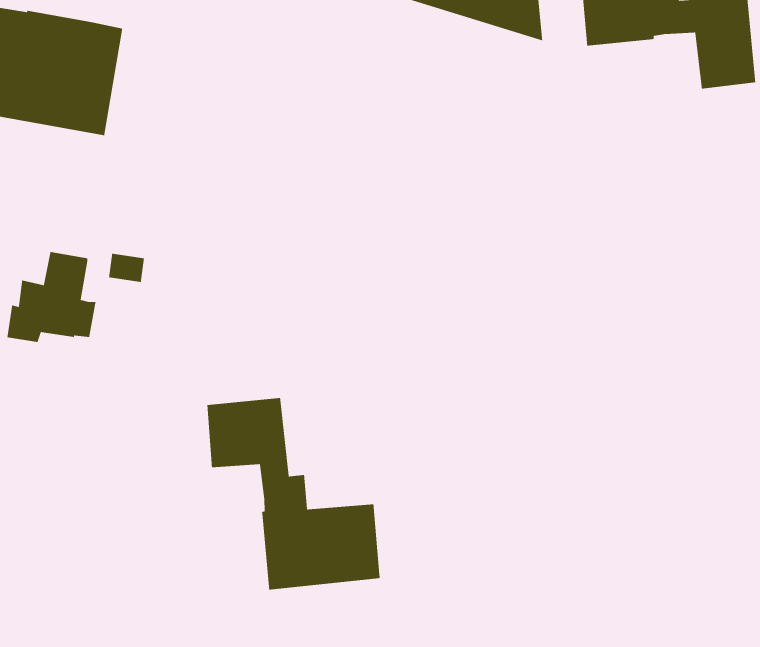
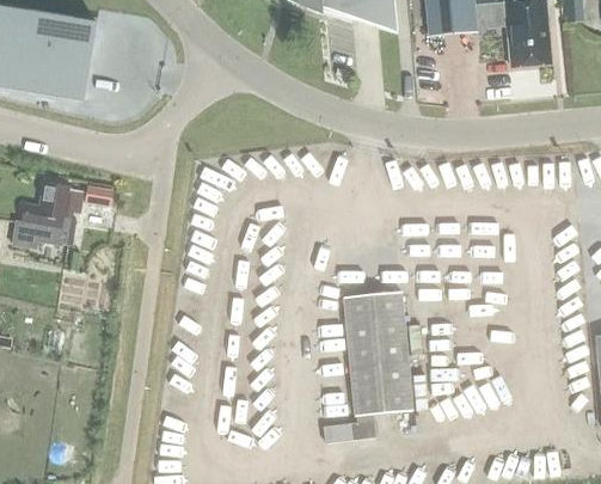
building: [206,397,381,590] -> none
building: none -> [321,290,411,441]

